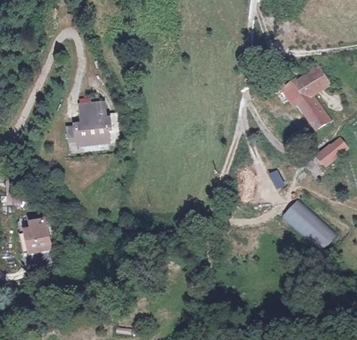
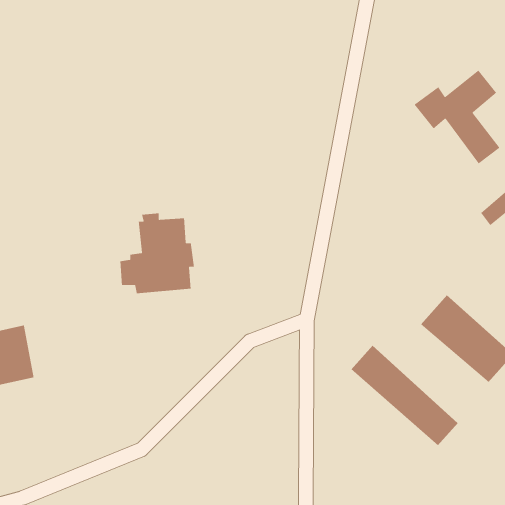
building: [66,99,111,148] -> [120,213,195,294]
building: none -> [351,345,459,446]

